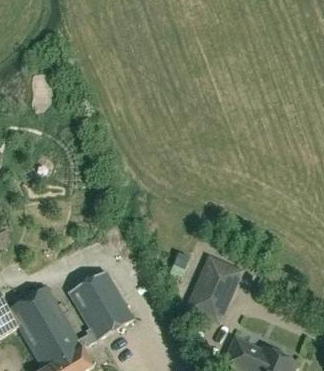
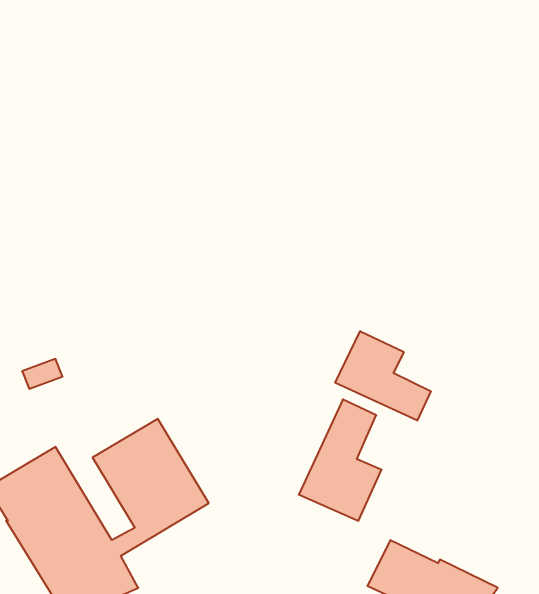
building: none -> [335,331,431,421]

